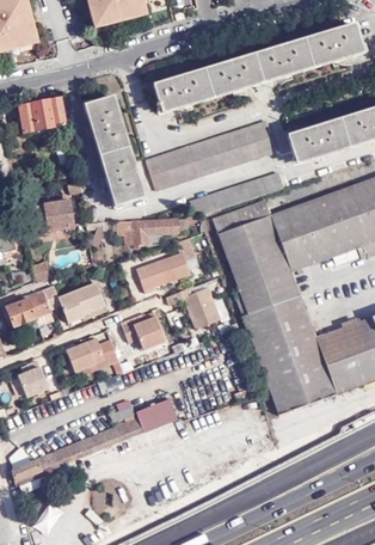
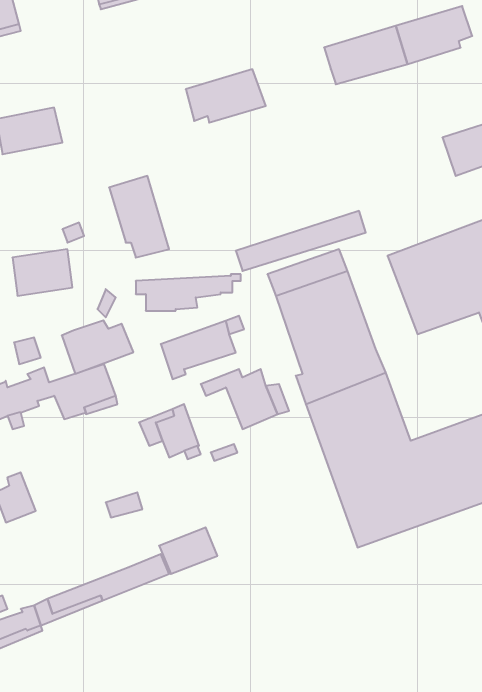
building: [203,54,263,96] -> none
building: [88,96,128,154] -> none
building: [289,118,349,158] -> none
building: [148,120,277,189] -> none
building: [271,203,321,270] -> none
building: [67,337,118,375] -> [62,320,133,374]

